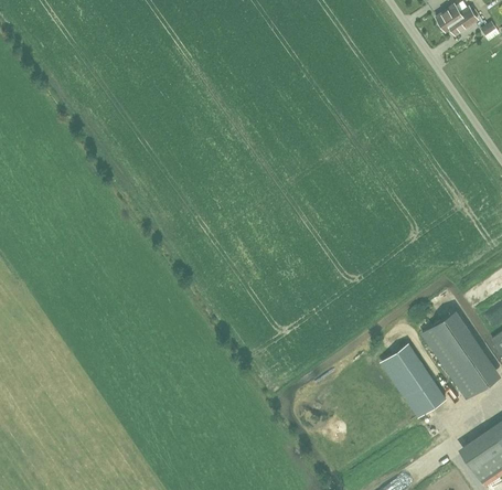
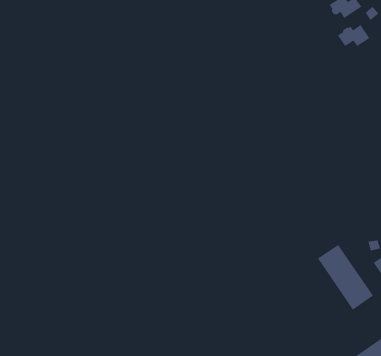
building: none -> [337,24,370,47]
building: [385,342,445,412] -> none

